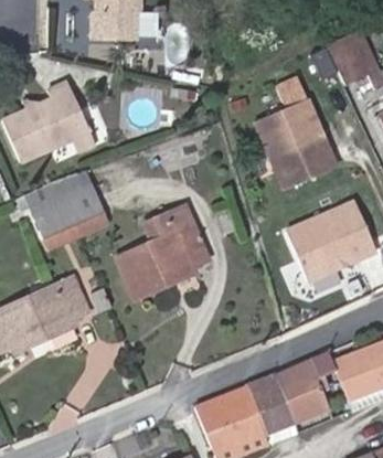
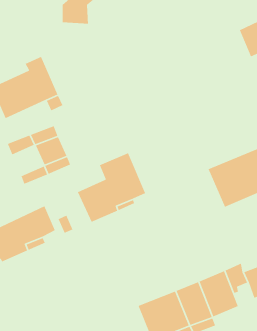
building: [256,96,336,187] -> none
building: [31,196,73,236] -> none

